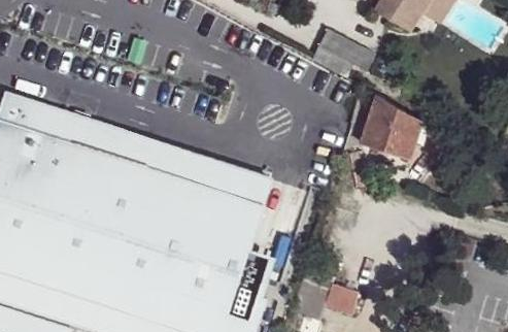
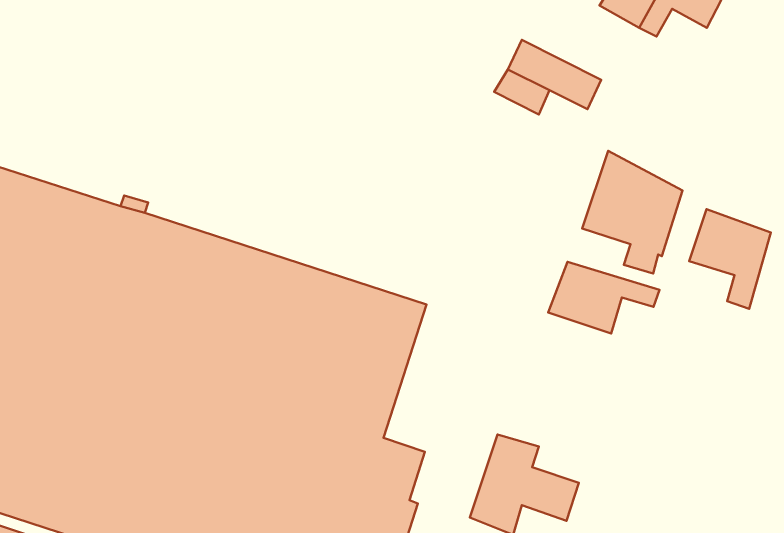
building: none -> [689,209,771,309]
building: none -> [548,262,659,333]

